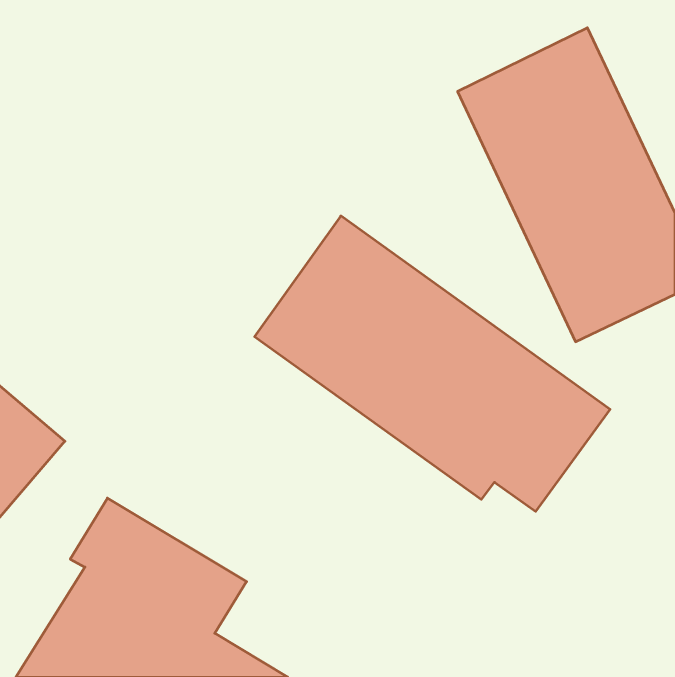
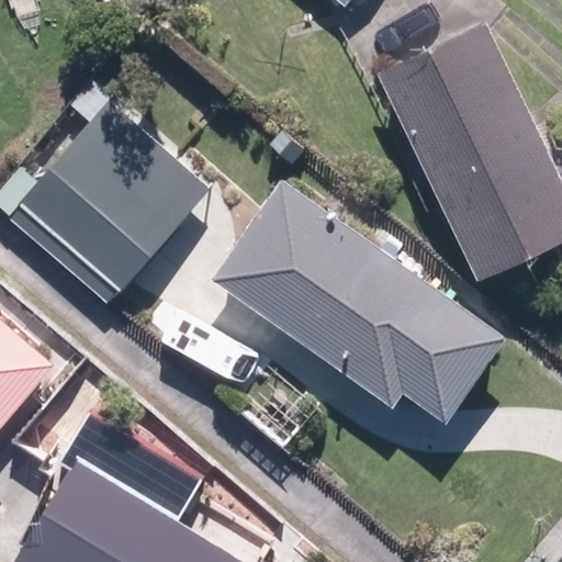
building: none -> [7,101,211,303]

